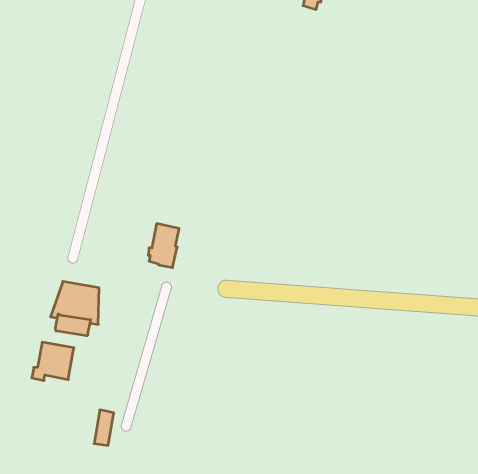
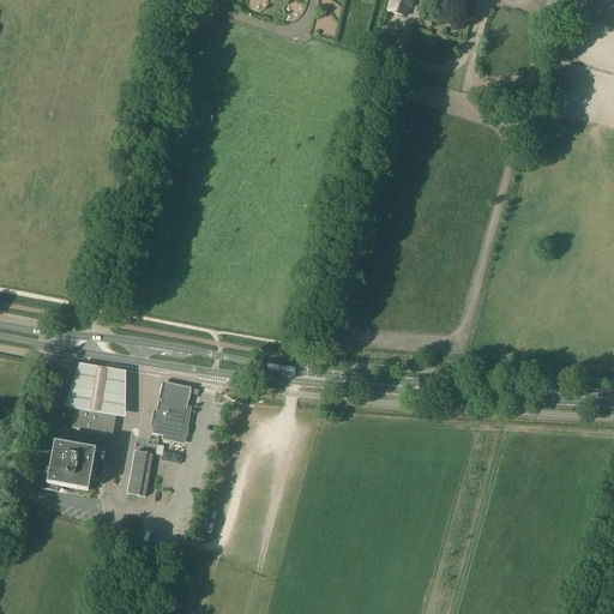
building: [148,224,179,268] -> [151,381,191,438]
building: [94,410,114,445] -> [127,447,152,493]

